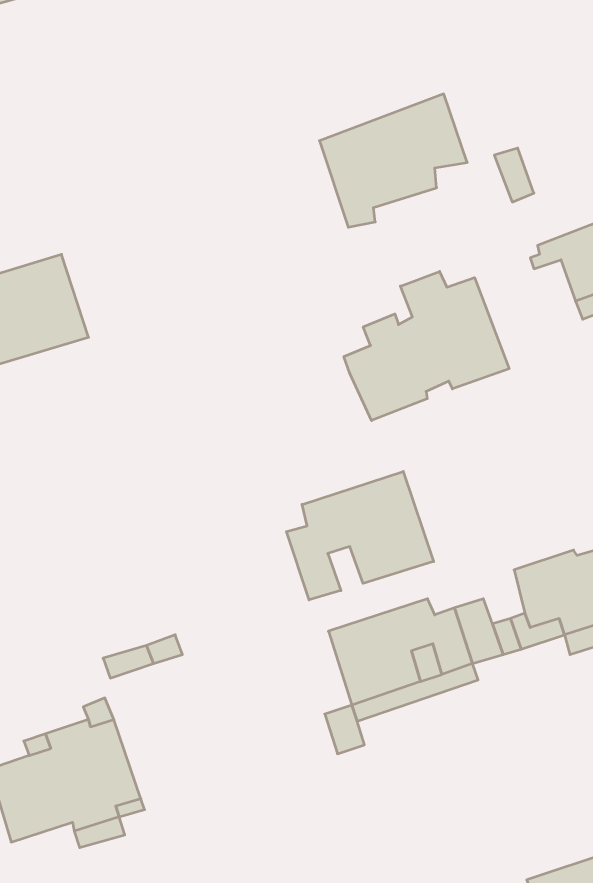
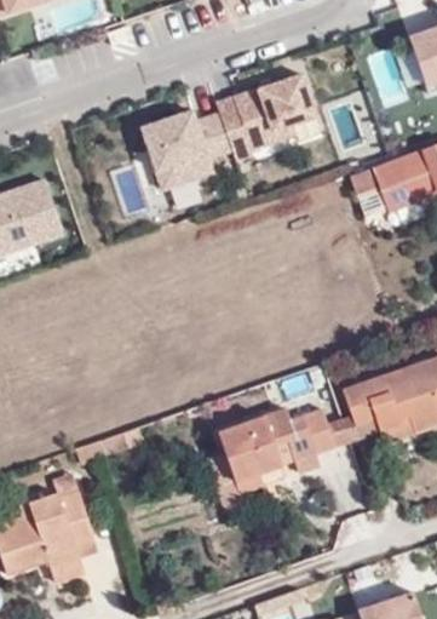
building: none -> [136,104,214,188]
building: [344,271,509,421] -> none
building: [286,471,434,600] -> none

